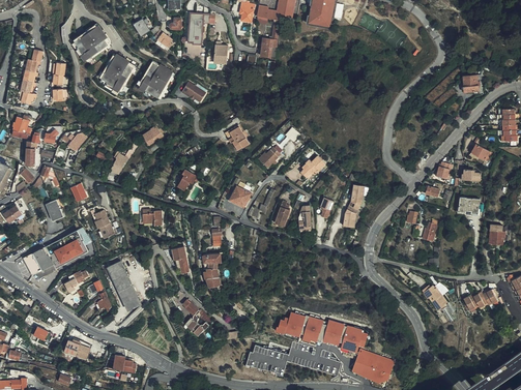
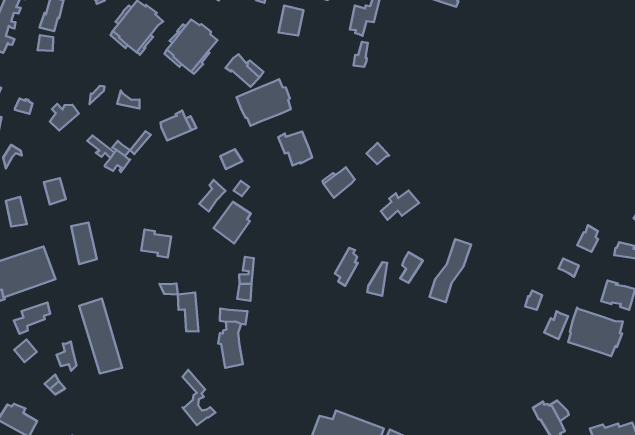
building: none -> [237,79,291,126]
building: [229,180,253,208] -> [213,202,251,243]
building: none -> [568,307,623,356]

